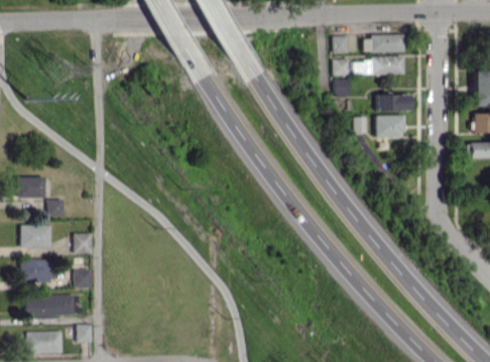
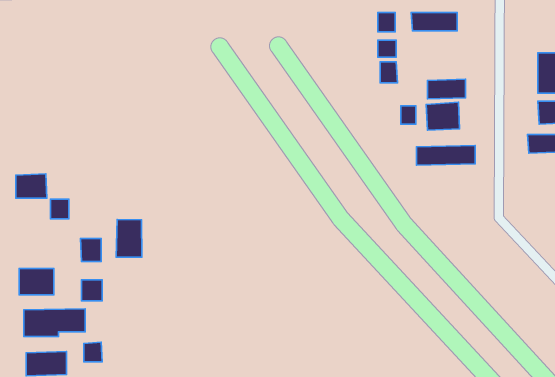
building: [354,57,405,75] -> [416,146,475,165]
building: none -> [116,220,142,257]
building: [20,225,51,247] -> none

